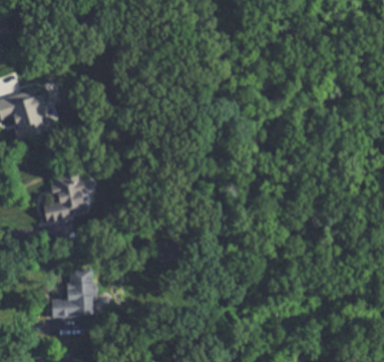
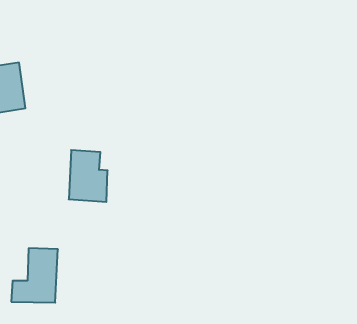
building: [49,169,86,217] -> [69,150,108,202]

